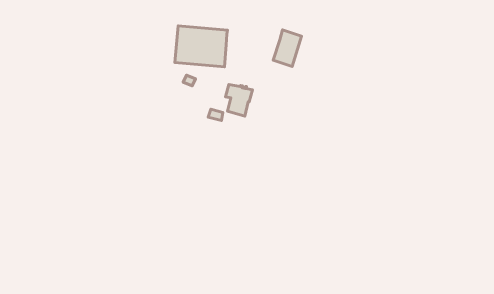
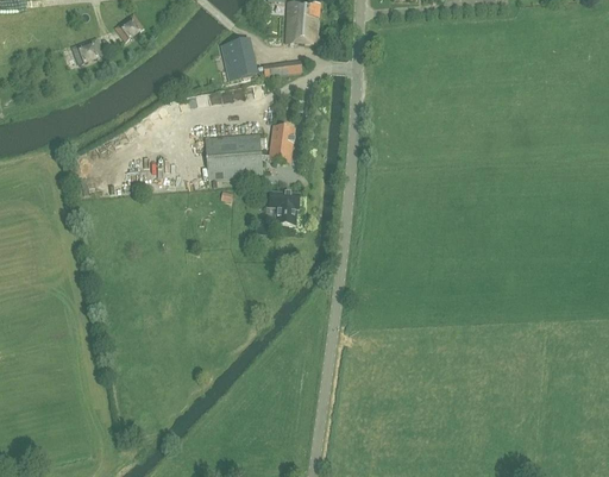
building: [273,30,302,67] -> [268,124,295,163]

